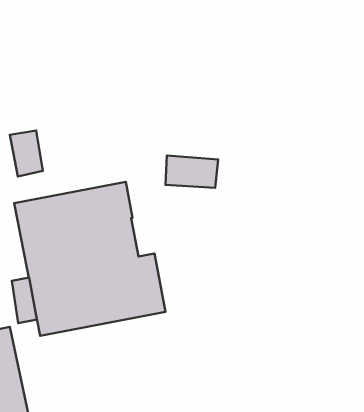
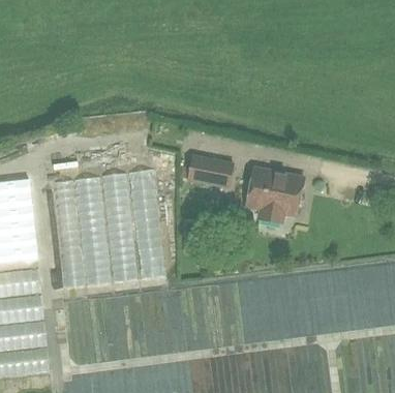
building: [10,131,43,176] -> none
building: none -> [244,167,302,221]

